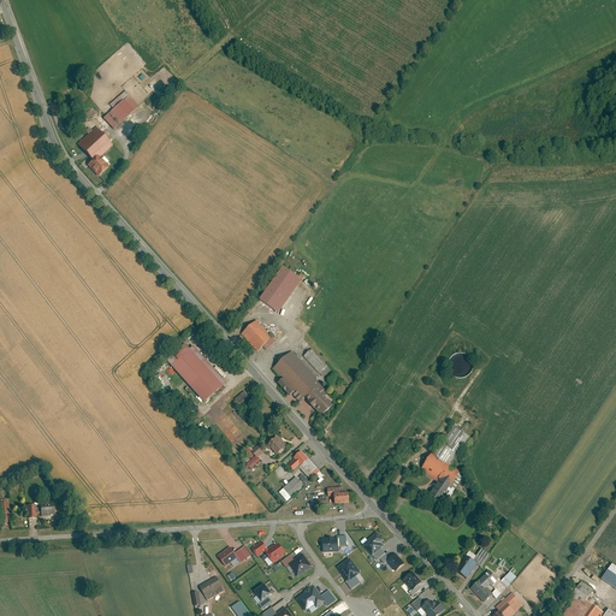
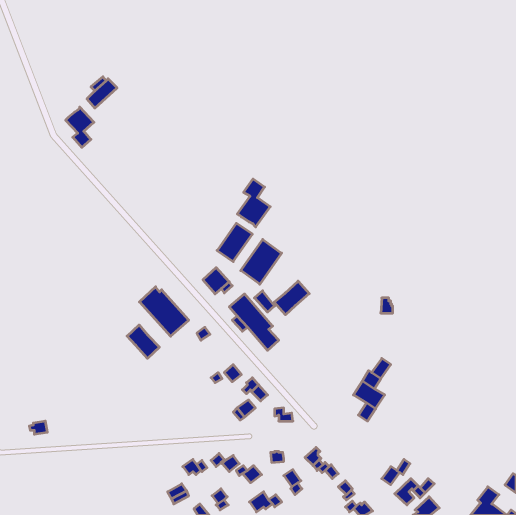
building: none -> [237,179,270,227]
building: none -> [241,239,282,284]
building: none -> [274,281,309,315]
building: none -> [127,325,159,358]

